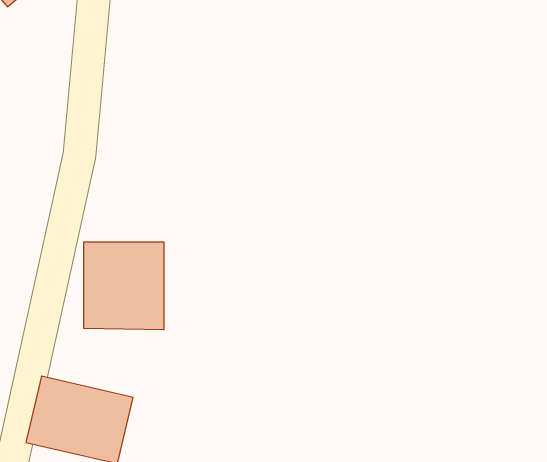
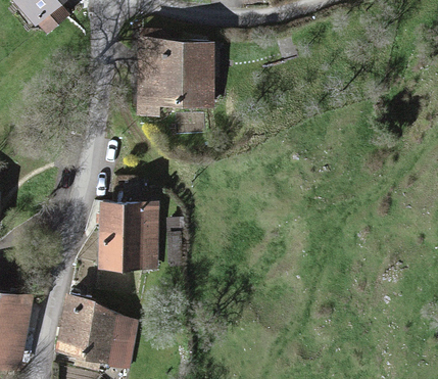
building: none -> [141,41,207,114]

